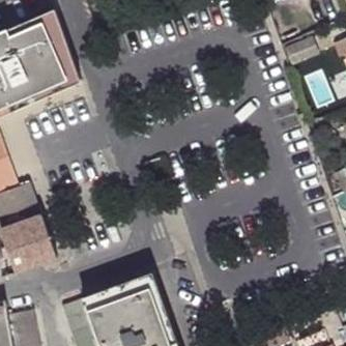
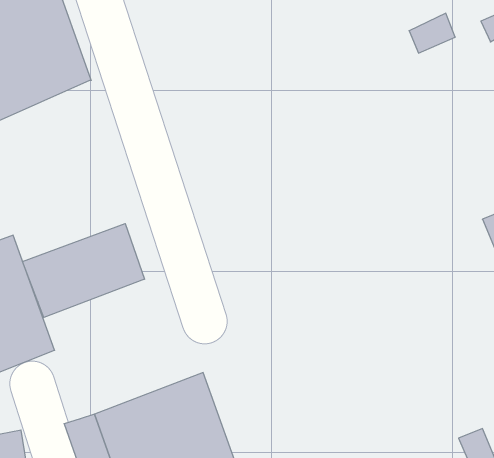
building: none -> [23,224,145,317]

